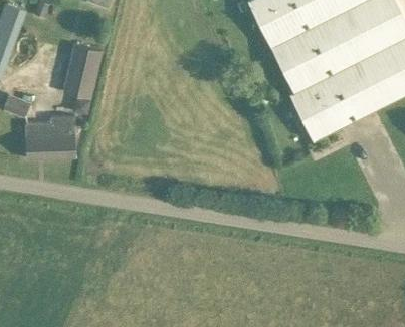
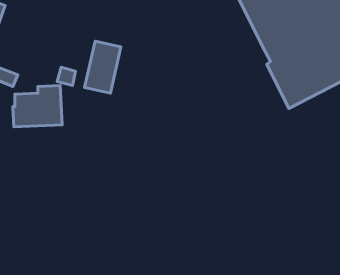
building: [63,44,102,98] -> [84,41,121,93]

